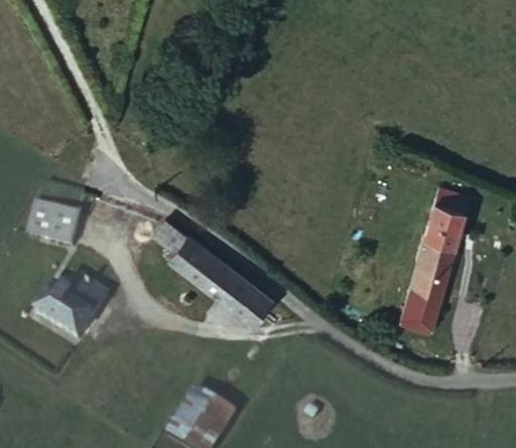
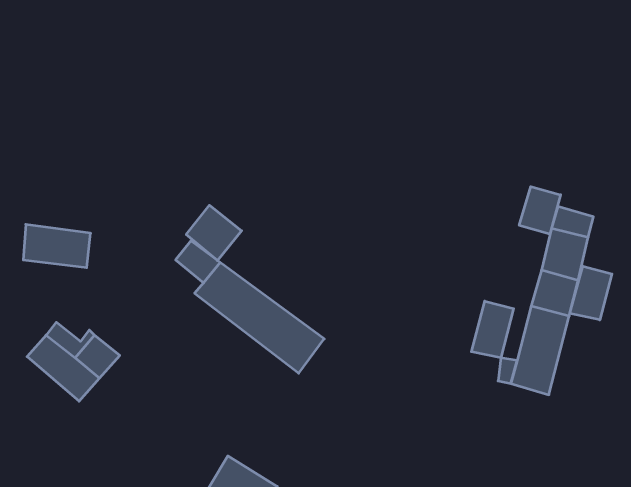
building: none -> [519,187,561,234]
building: none -> [186,205,242,261]
building: none -> [570,266,612,320]
building: none -> [471,301,514,358]

